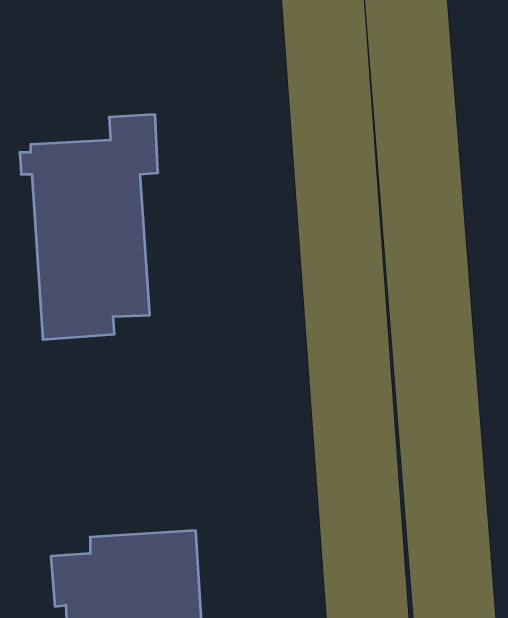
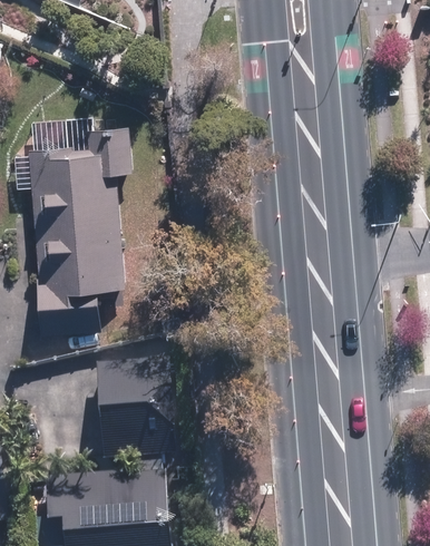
building: none -> [96,360,168,461]

